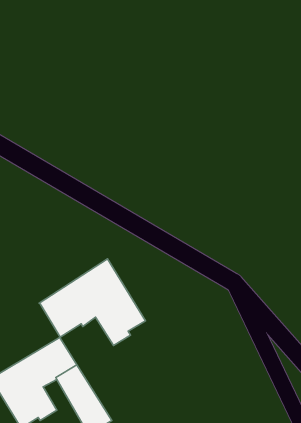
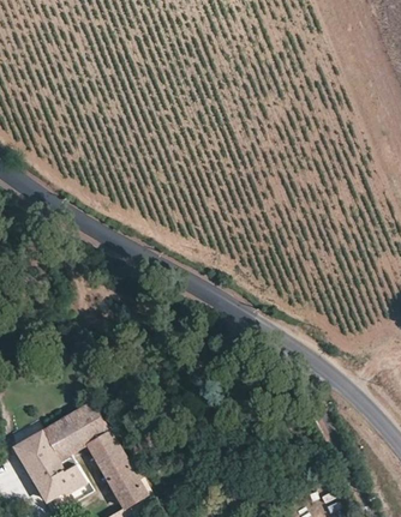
building: [39,259,145,346] -> none

